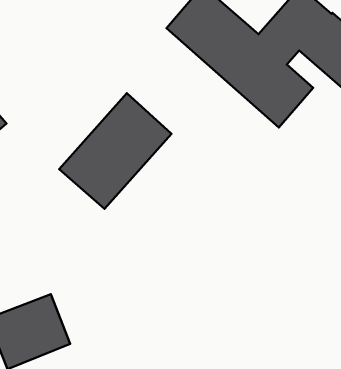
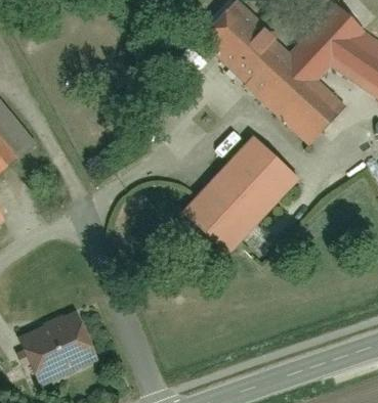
building: [59,93,171,209] -> [184,135,298,252]

